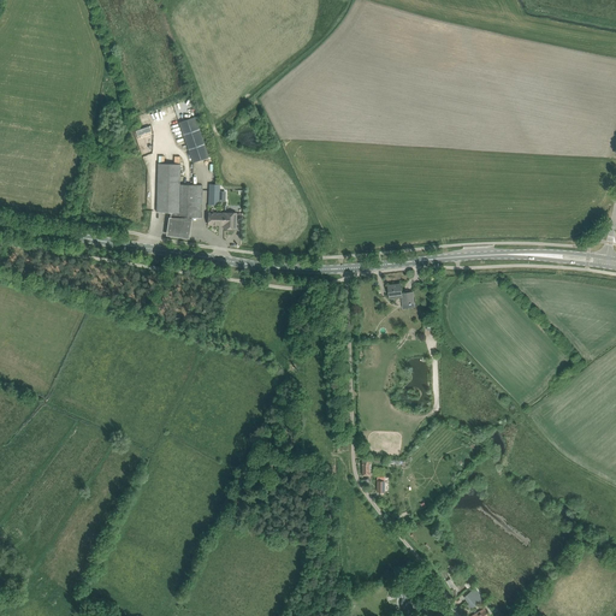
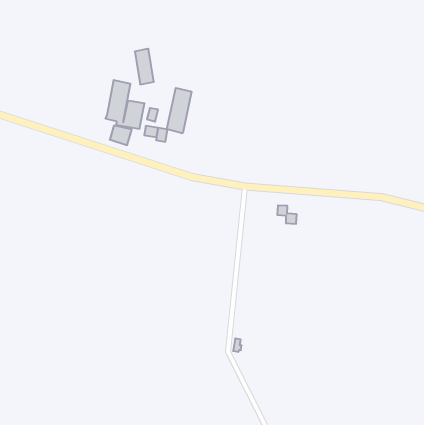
building: none -> [167,88,192,133]

